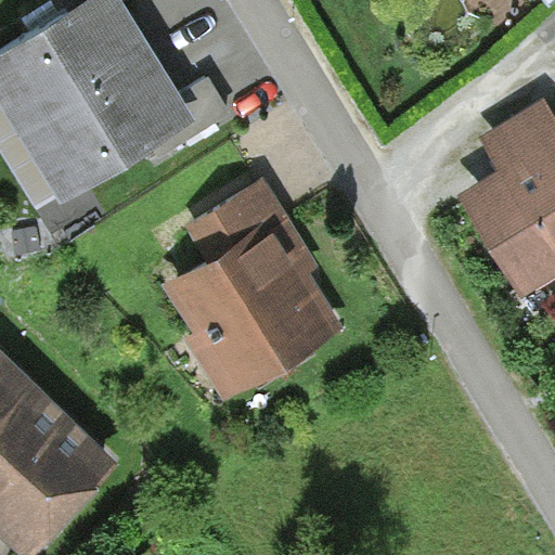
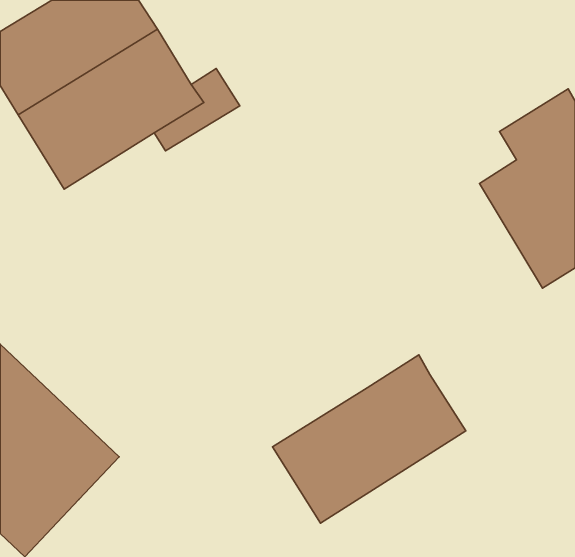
building: [160,184,341,408] -> none
building: none -> [272,355,466,523]

